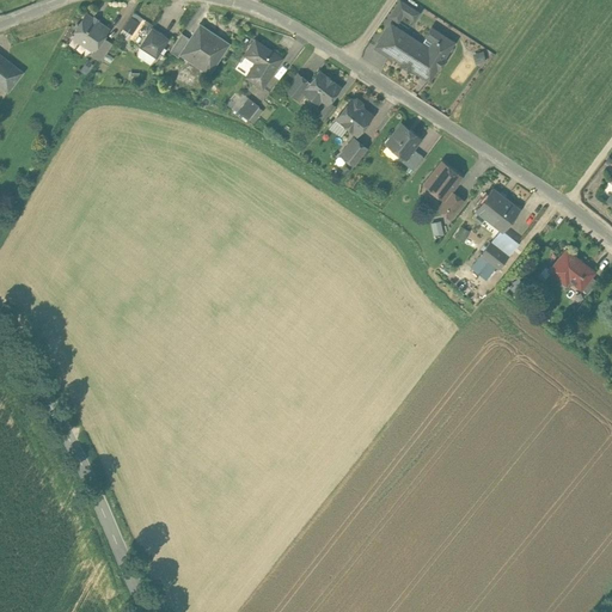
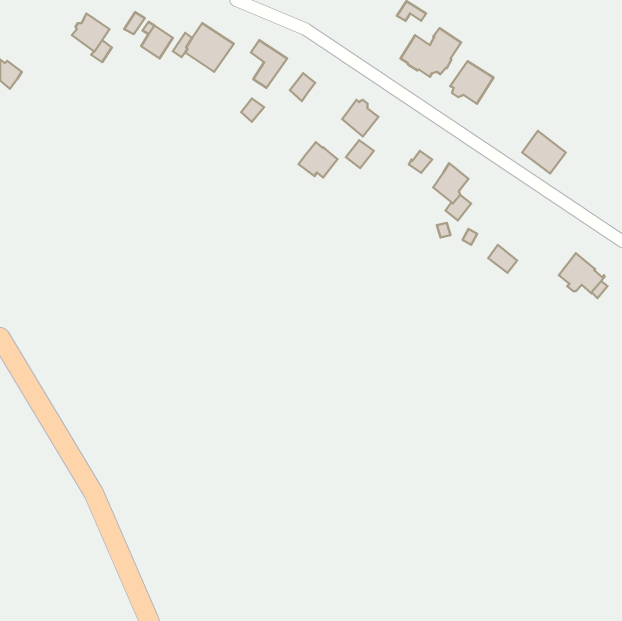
building: [375,25,408,60] -> none
building: none -> [450,61,494,104]
building: [302,71,341,105] -> [299,142,338,178]
building: [386,124,421,159] -> none
building: [476,189,519,231] -> [522,131,566,173]

